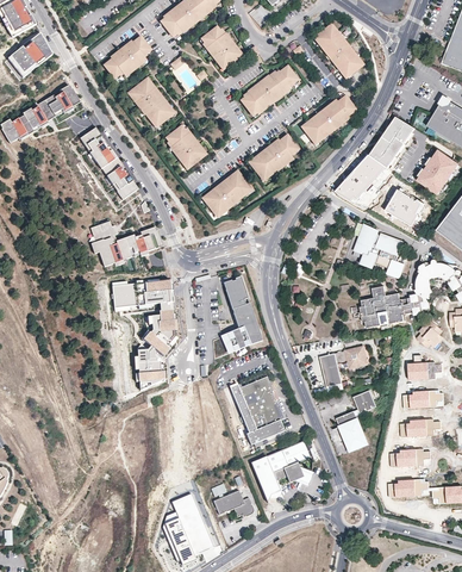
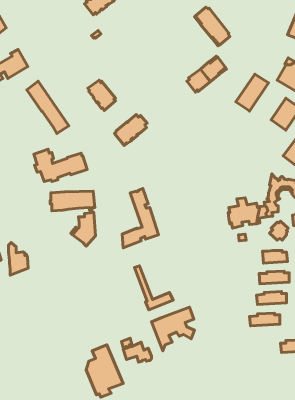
building: [201,26,239,67] -> none
building: [104,36,150,77] -> none
building: [239,66,295,114] -> none
building: [129,79,170,123] -> none
building: [250,135,296,178] -> none
building: [336,156,388,205] -> none
building: [386,191,424,228] -> none
building: [355,226,405,279] -> none
building: [138,344,166,390] -> [9,242,28,275]
building: [320,348,368,387] -> none
building: [238,375,283,430] -> none
building: [336,391,376,452] -> none
building: [388,479,430,498] -> none

